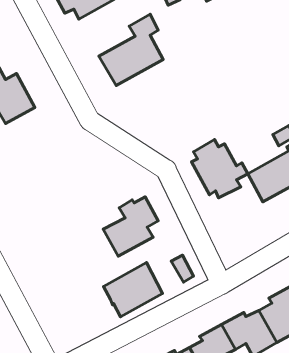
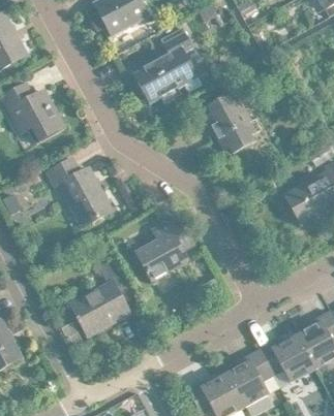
building: none -> [48,157,113,226]
building: [191,140,248,198] -> [205,93,263,153]
building: [103,263,163,317] -> [69,280,130,335]

